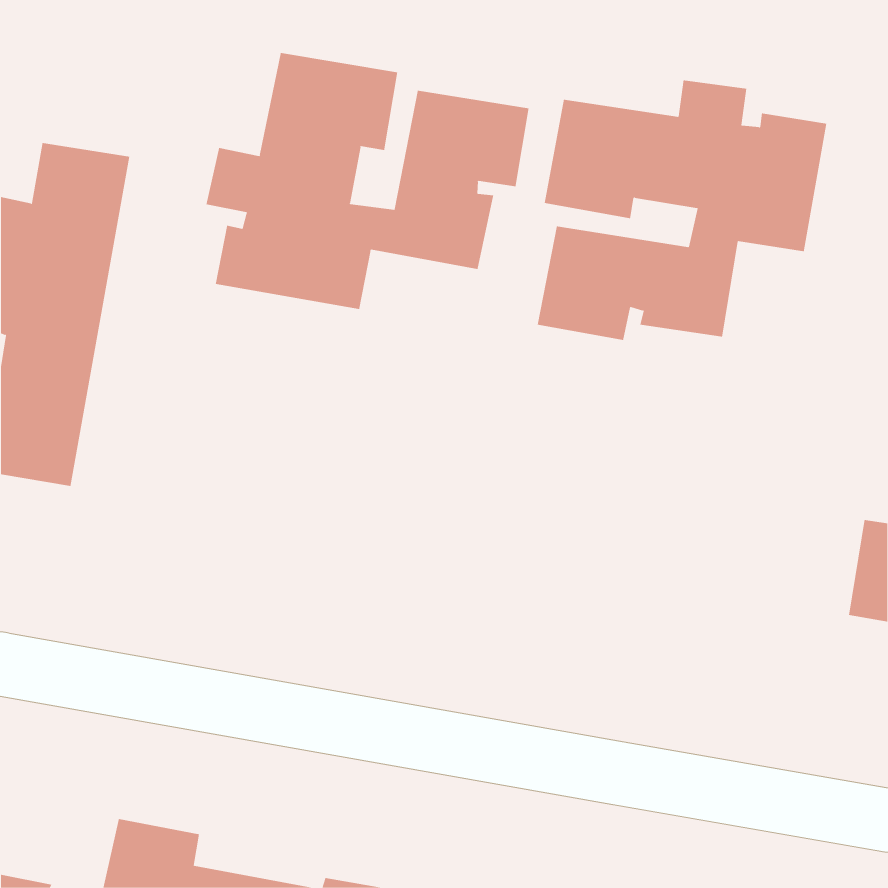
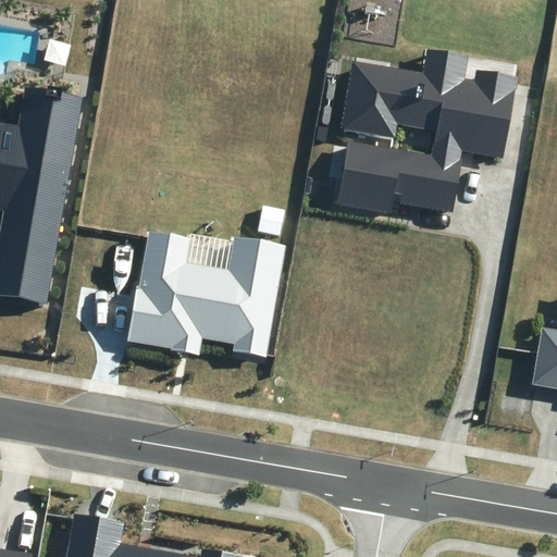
building: [206,52,529,310] -> none
building: none -> [126,230,286,357]

